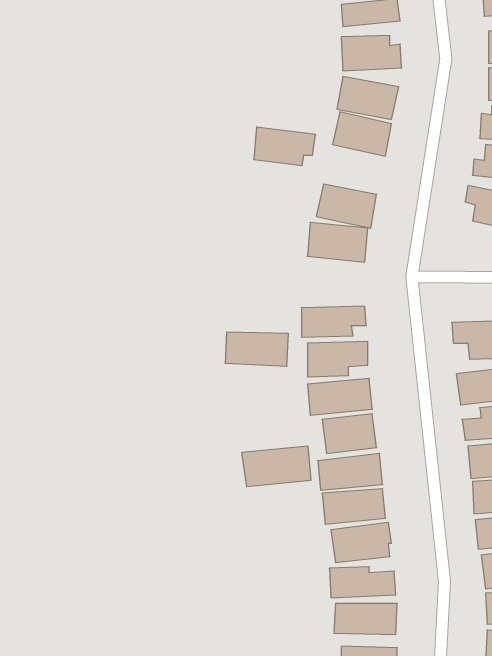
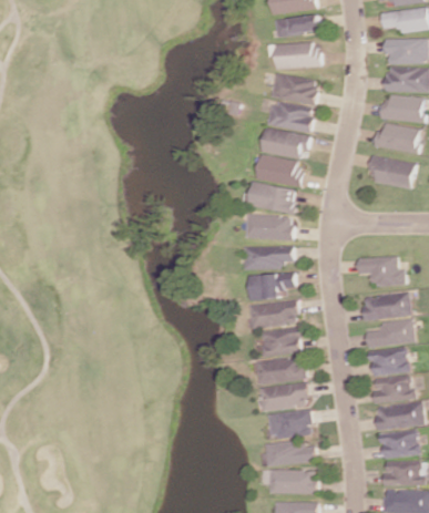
building: [254,127,316,165] -> [262,129,308,157]
building: [225,332,288,366] -> [245,215,293,240]
building: [242,446,311,487] -> none

